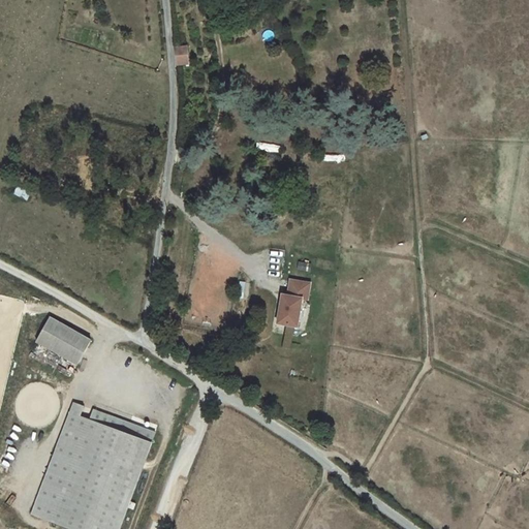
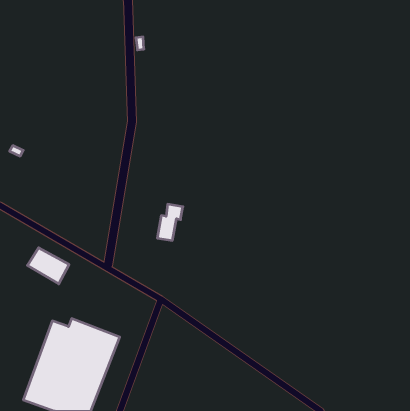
building: [276,280,309,326] -> [157,204,183,240]

